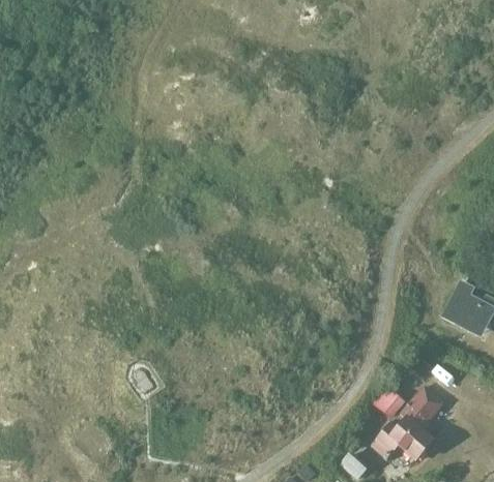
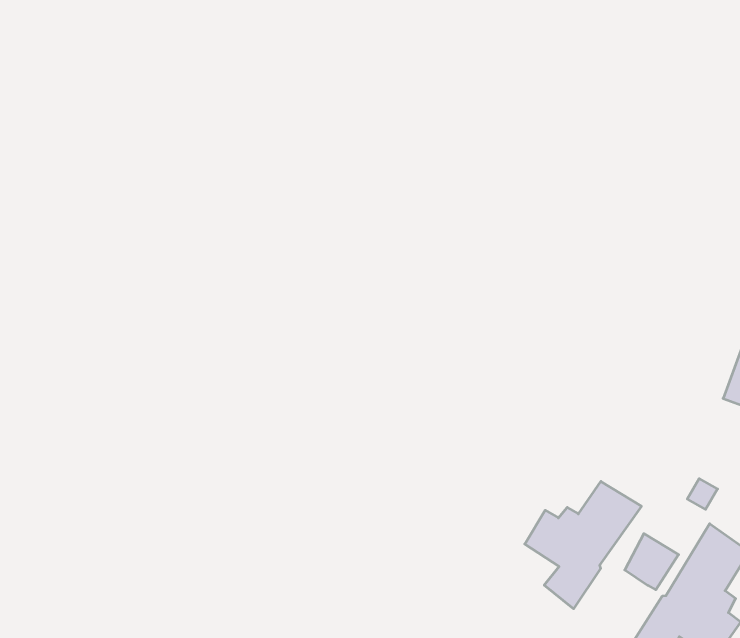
building: none -> [525,481,641,609]

